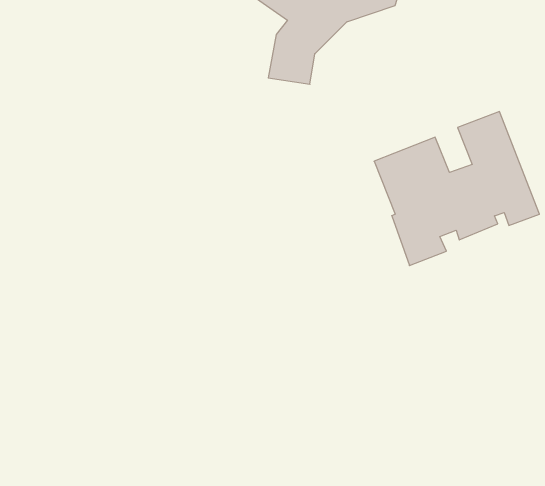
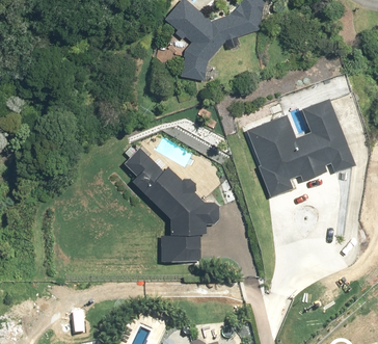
building: none -> [124,145,219,261]

